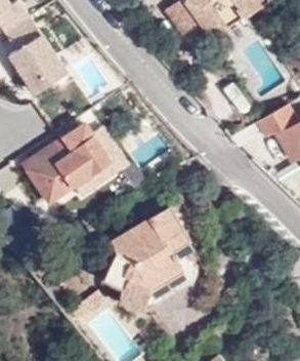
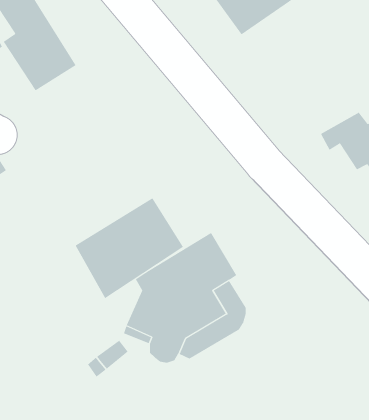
building: [26,123,112,203] -> [75,198,184,299]

